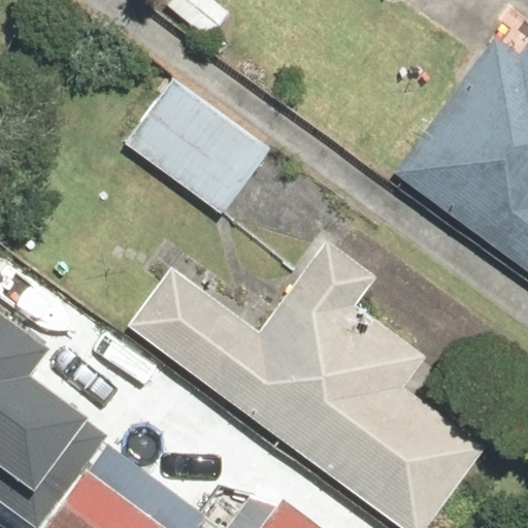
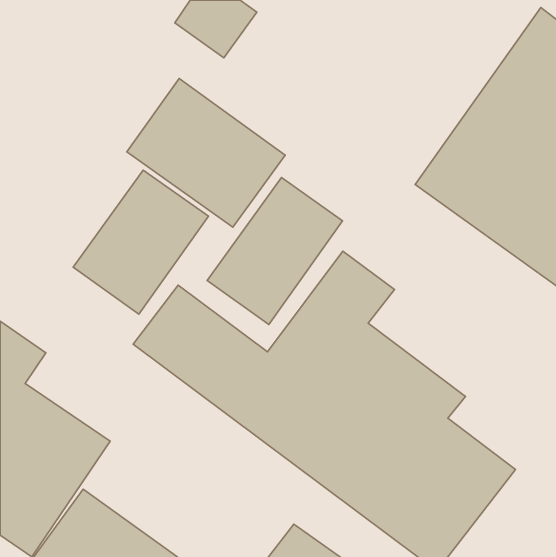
building: none -> [73,170,208,314]
building: none -> [207,178,343,324]

